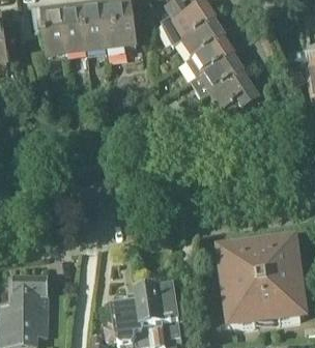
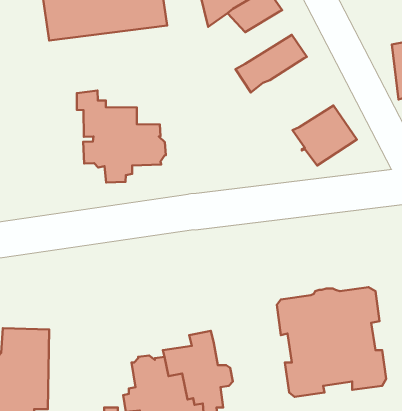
building: [185,35,233,75] -> none
building: [209,70,258,116] -> [292,105,357,166]
building: none -> [77,90,166,182]

